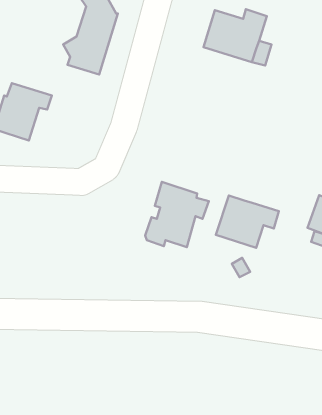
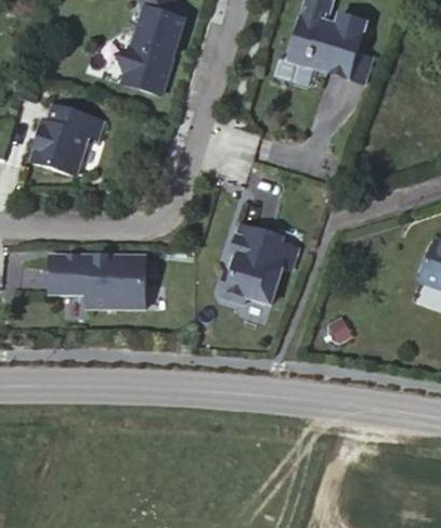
building: [216,196,279,248] -> none
building: none -> [49,252,144,305]

